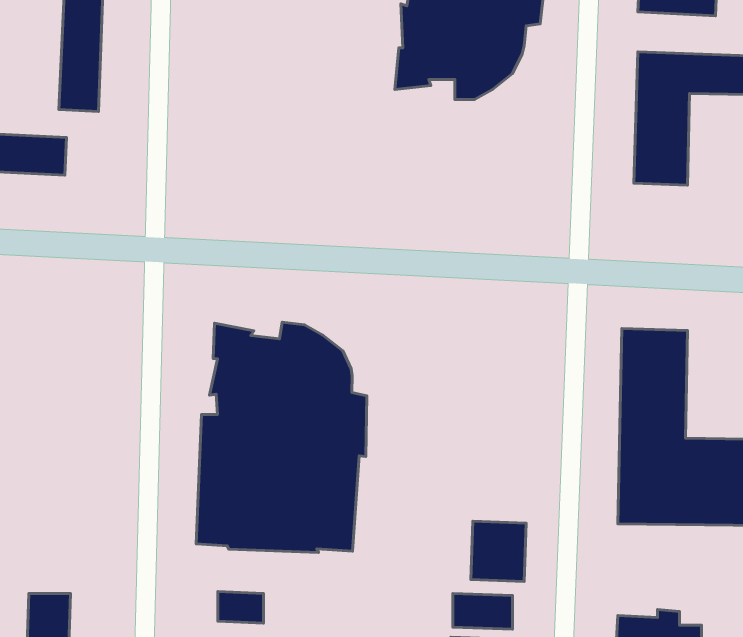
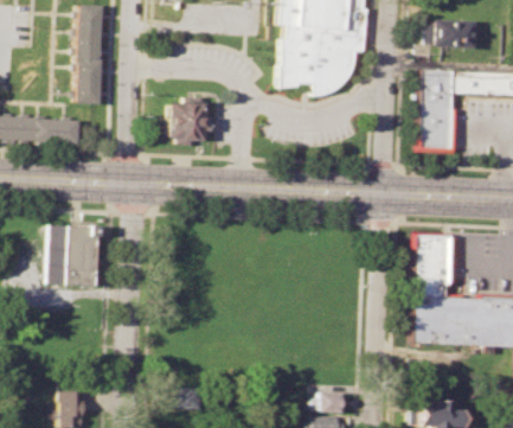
building: none -> [165,103,211,142]
building: none -> [47,225,98,285]
building: [196,322,367,553] -> none
building: [471,521,526,581] -> none

